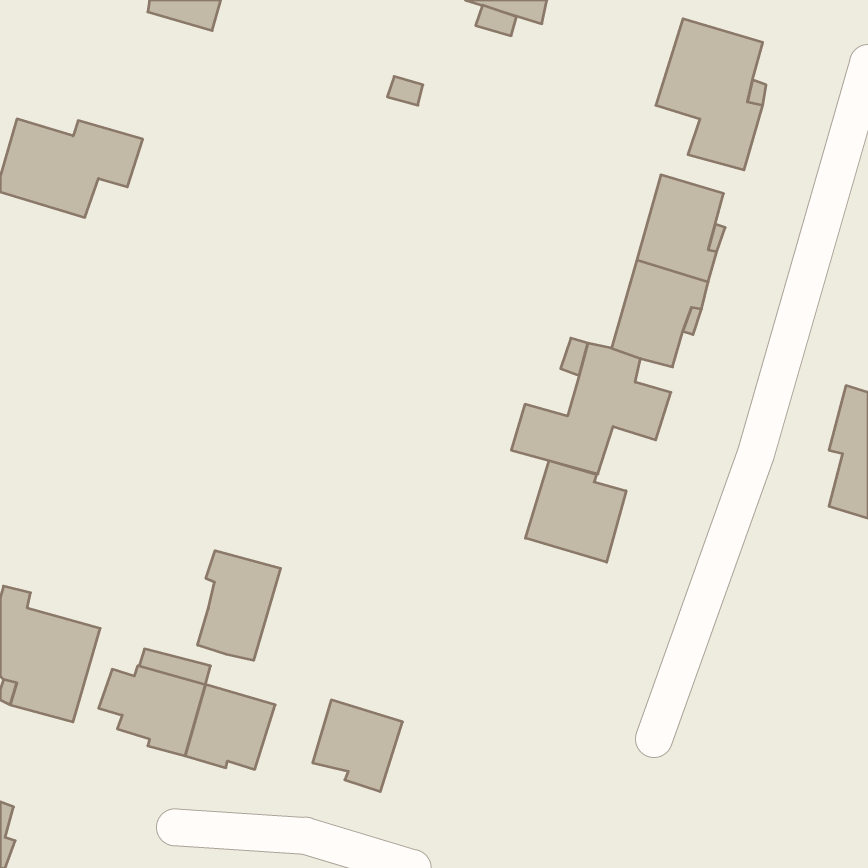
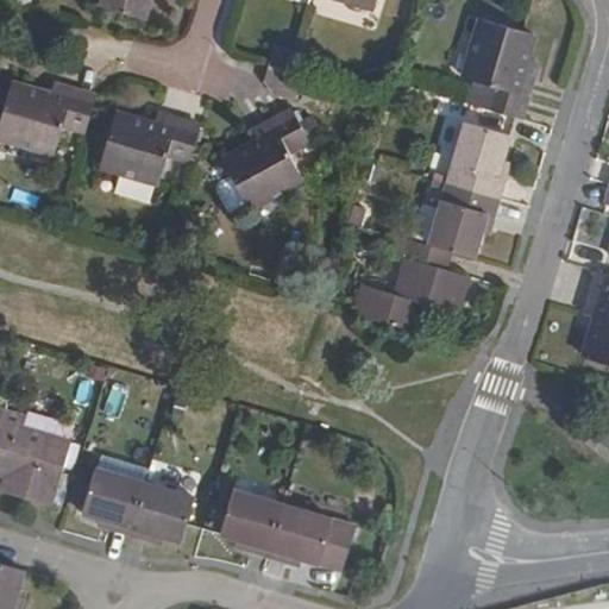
building: none -> [220,107,307,206]
building: none -> [101,113,205,182]
building: [525,461,626,562] -> none
building: [198,551,281,660] -> none
building: none -> [266,506,344,566]

